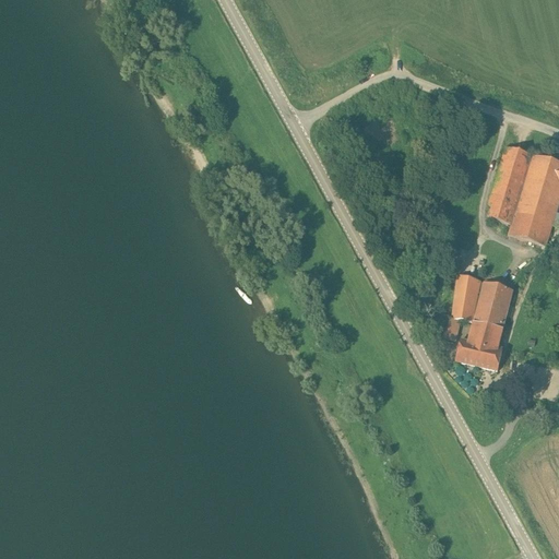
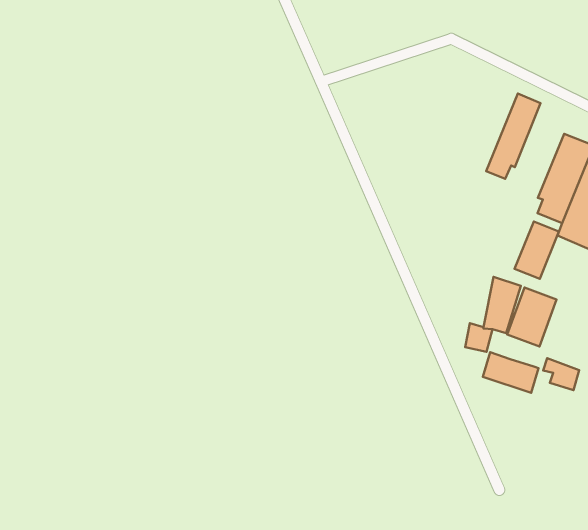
building: none -> [486,93,540,179]
building: none -> [514,221,559,279]
building: [471,321,501,346] -> [543,358,579,390]

